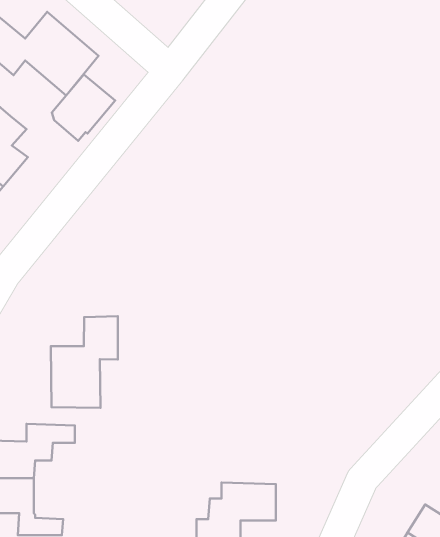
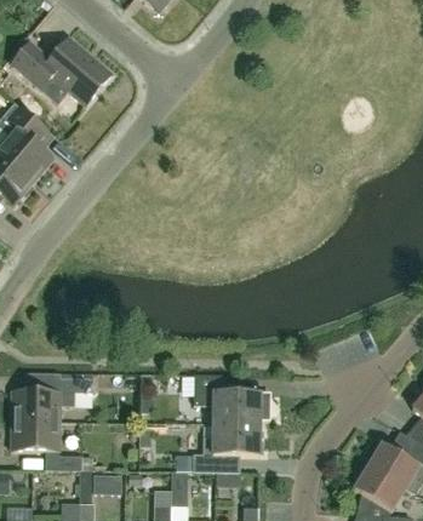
building: [52,74,115,141] -> none
building: [51,316,118,408] -> none
building: none -> [194,376,269,426]

